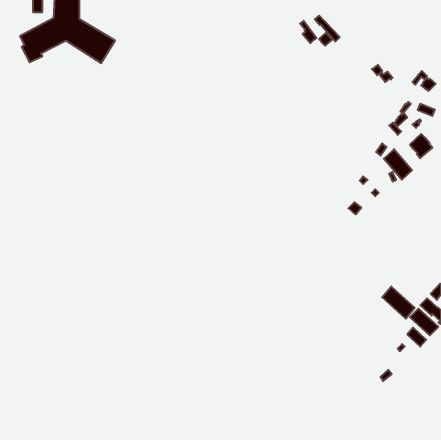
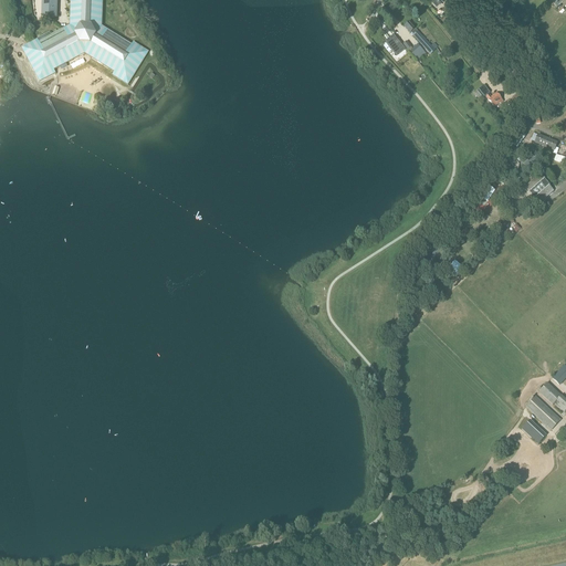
building: [384,149,412,180] -> none
building: [382,286,415,319] -> none

